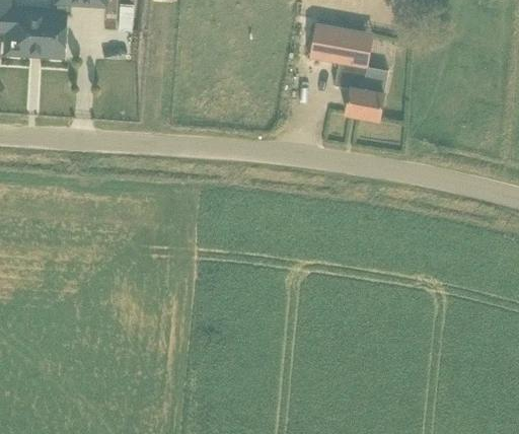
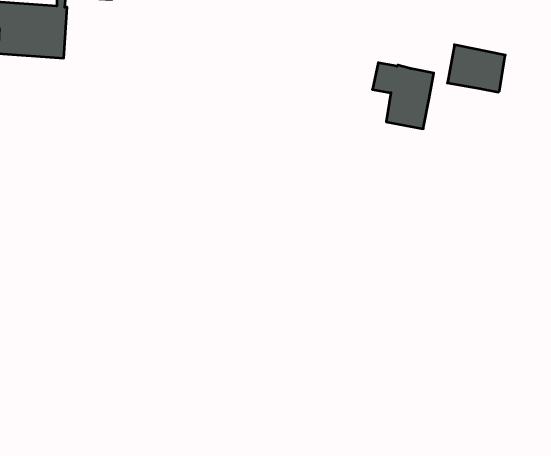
building: [310,22,361,64] -> [447,45,505,92]

